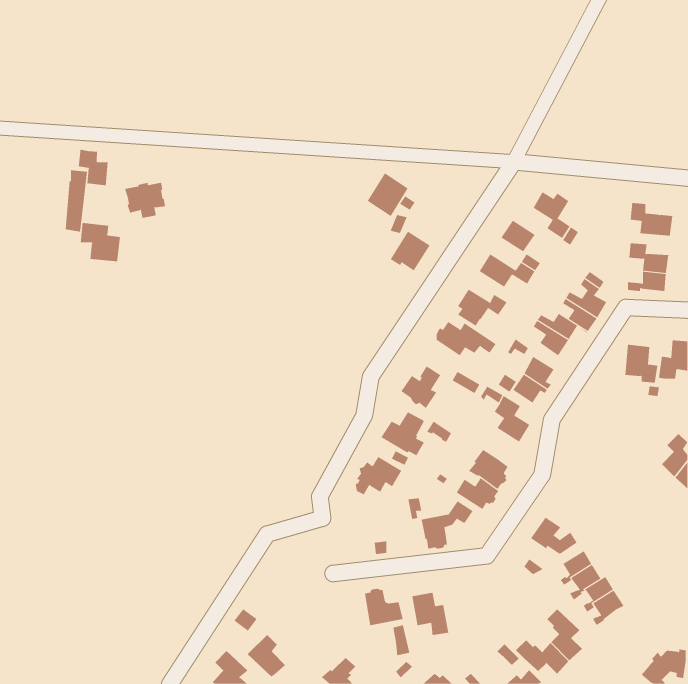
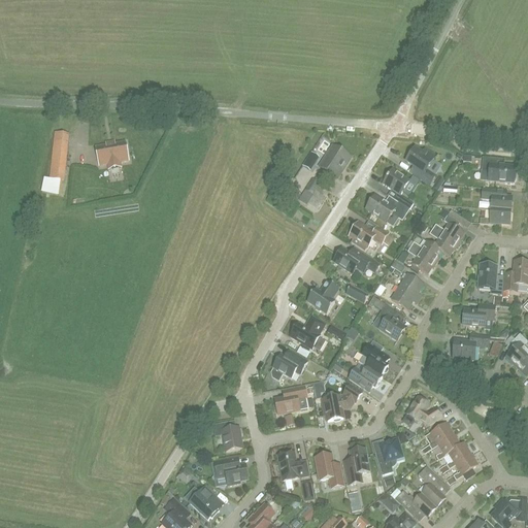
building: [78,149,108,186] -> none
building: [367,172,409,217] -> [319,142,351,176]
building: [80,222,120,262] -> none
building: none -> [462,302,495,326]
building: none -> [453,333,489,358]
building: none -> [274,385,306,412]
building: none -> [212,420,241,450]
building: none -> [374,436,402,473]
building: none -> [343,447,368,483]
building: none -> [213,455,248,483]

